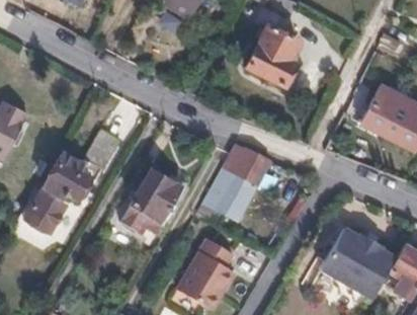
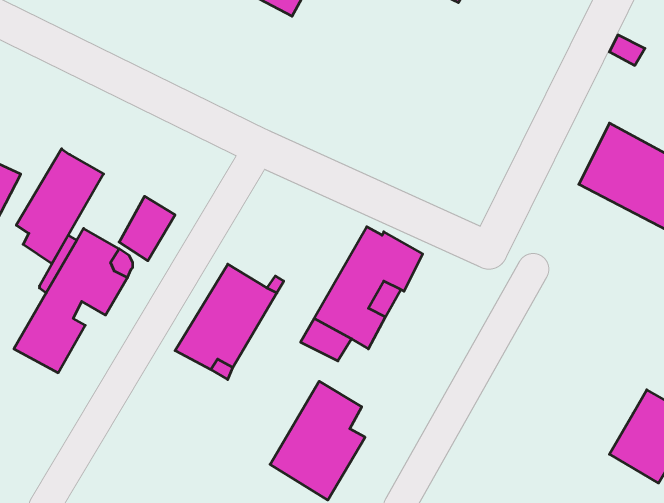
building: [247,22,299,82] -> none
building: none -> [16,149,104,264]
building: [319,226,395,298] -> none

